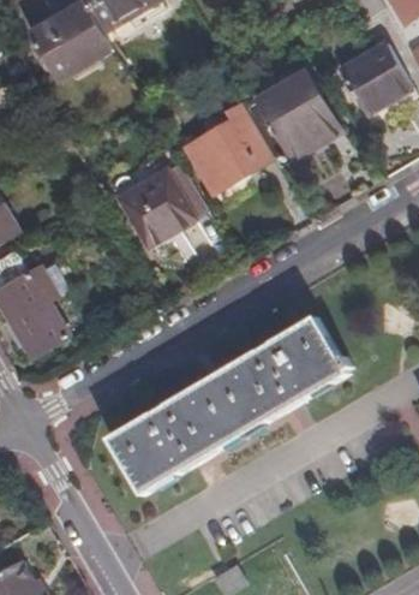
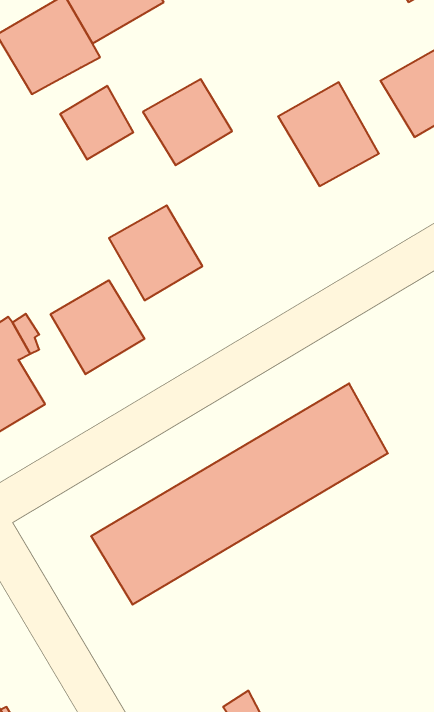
building: none -> [60,86,133,160]
building: [191,123,263,192] -> [143,79,232,165]
building: none -> [51,280,144,374]

